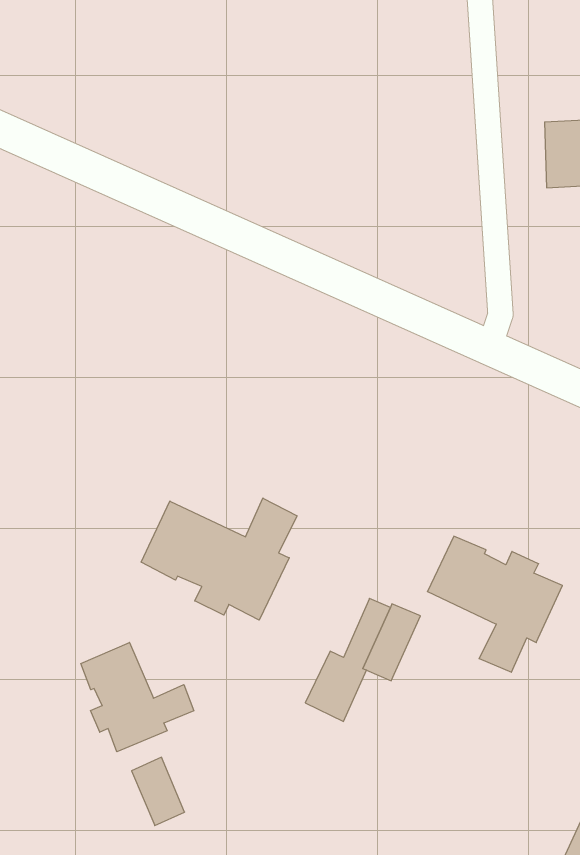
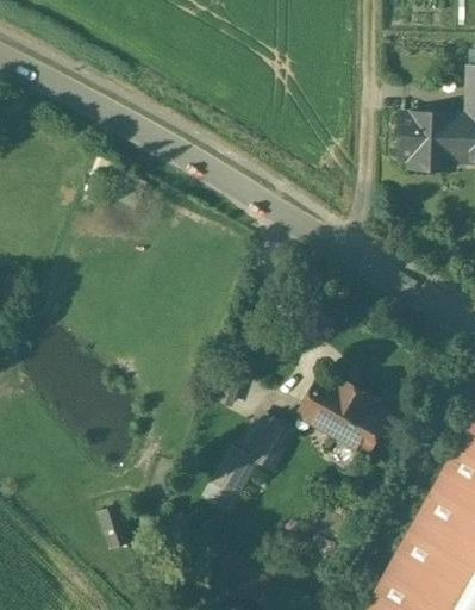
building: [141,498,297,620] -> none
building: [81,642,194,752] -> none

